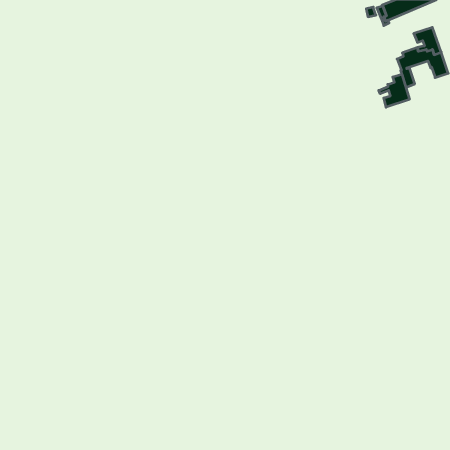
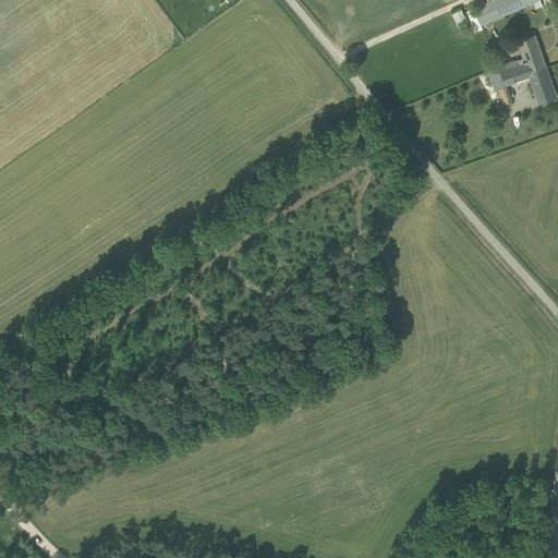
building: [379,74,409,107] -> none

